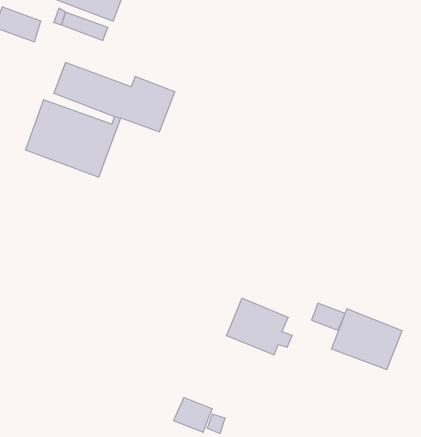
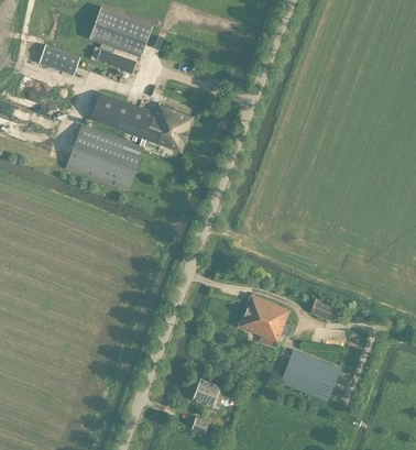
building: [331,309,402,369] -> [280,349,340,400]

